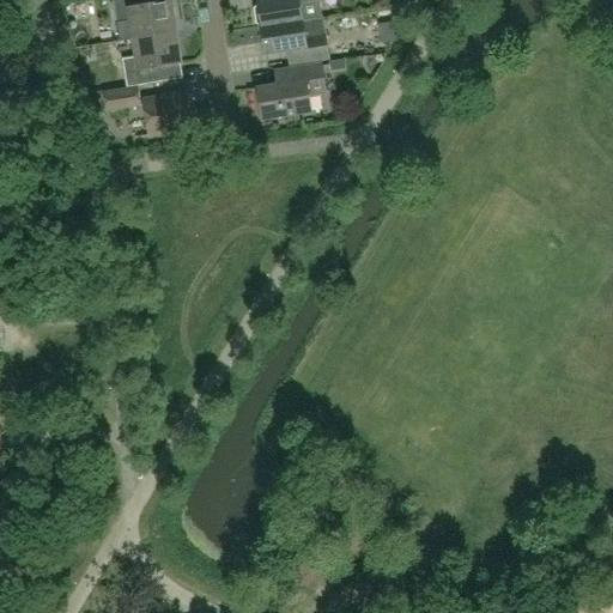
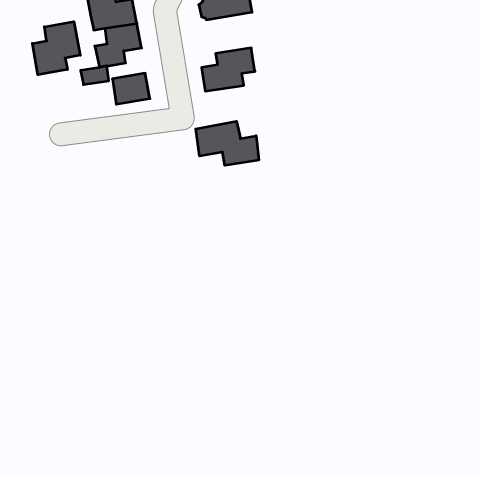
building: [263,16,328,61] -> none
building: none -> [32,22,80,75]
building: none -> [196,121,259,165]

